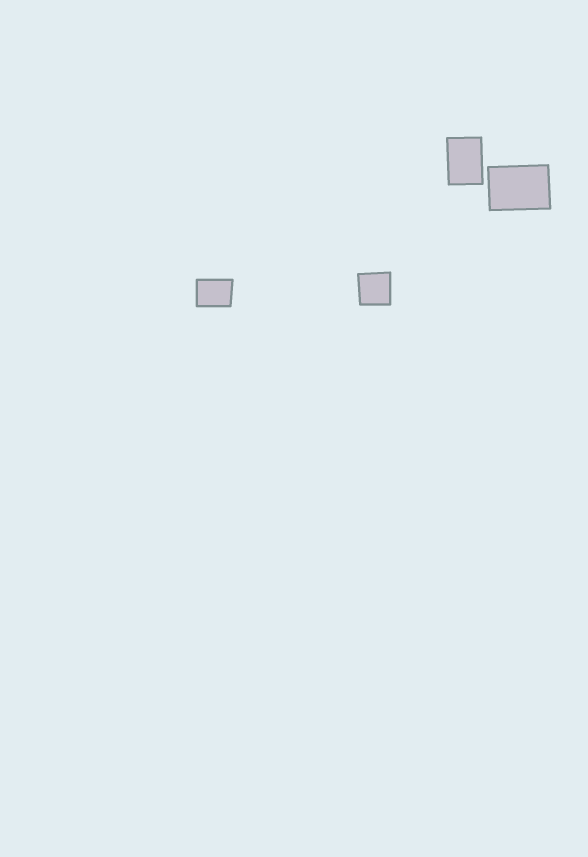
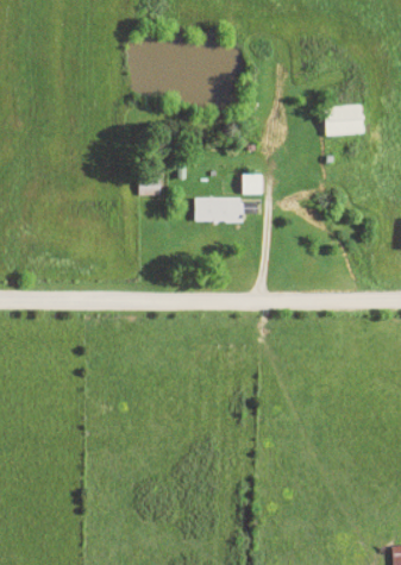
building: [447,137,483,185] -> none
building: none -> [194,197,243,222]

